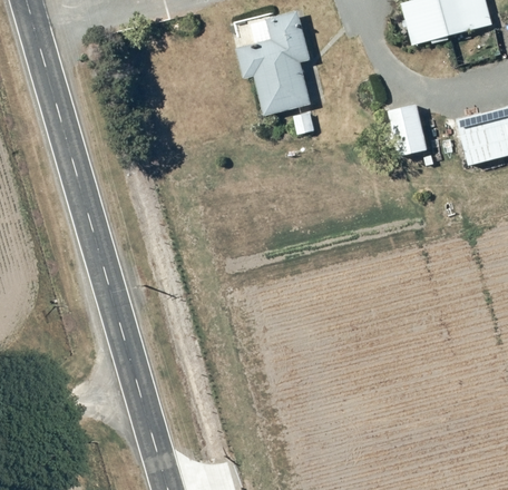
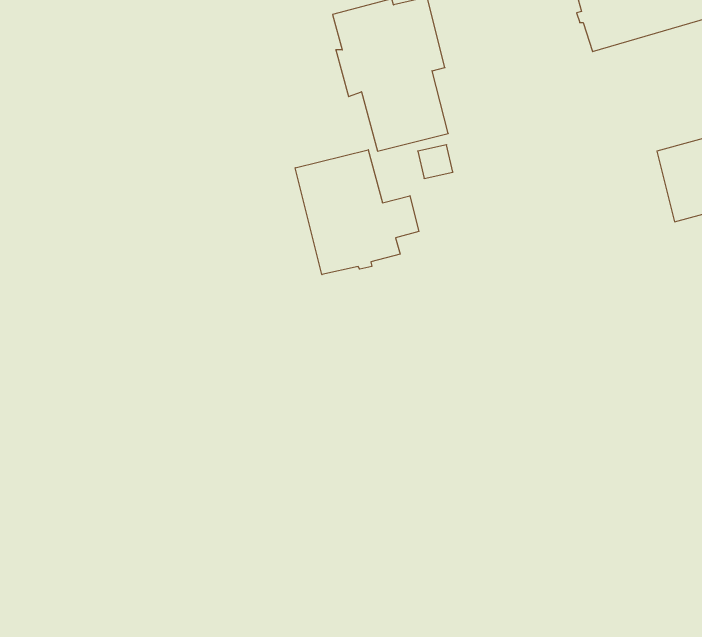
building: [387,102,428,157] -> none
building: none -> [295,150,419,275]

